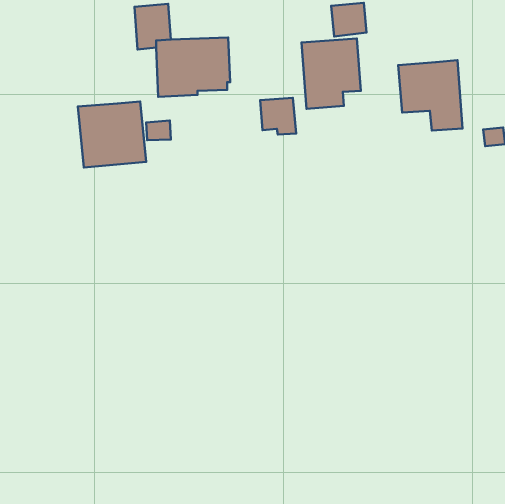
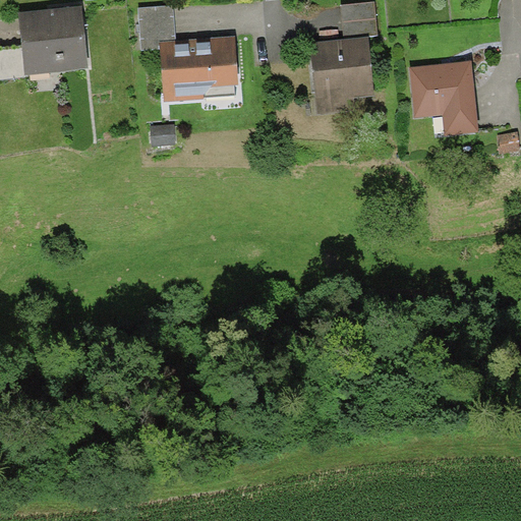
building: [260,98,296,135] -> none
building: [78,101,146,168] -> [18,6,89,74]

